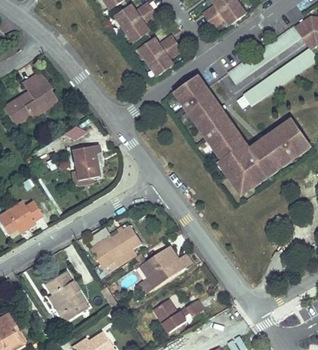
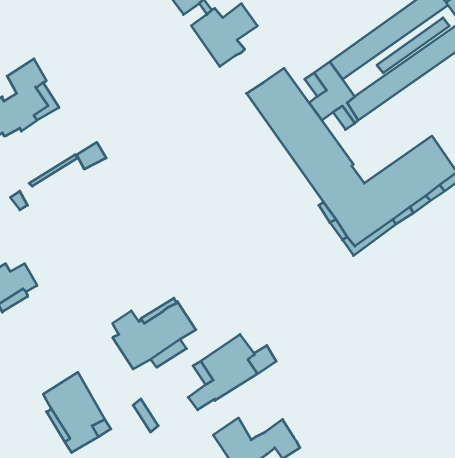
building: [72,143,99,179] -> none

